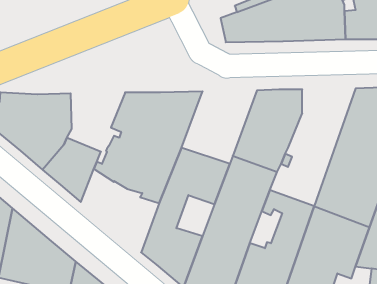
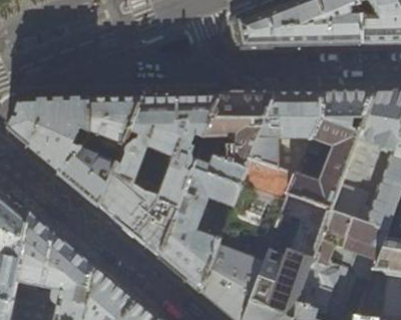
building: none -> [288,93,373,211]
building: none -> [199,95,275,169]
building: none -> [85,97,143,156]
building: none -> [99,174,177,257]

